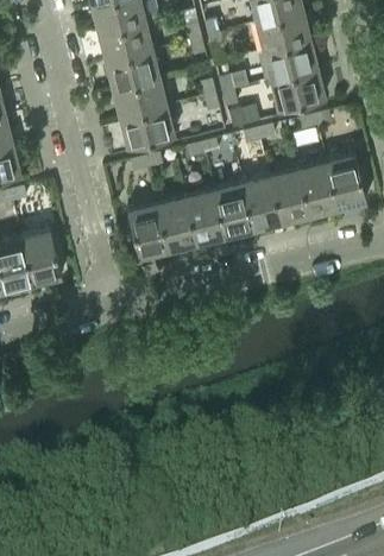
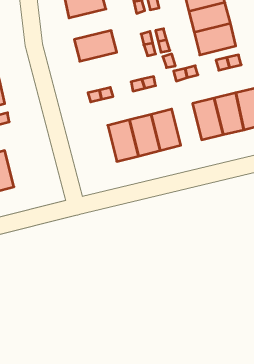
building: [105,50,160,90] -> none
building: [119,107,175,149] -> none
building: [240,175,279,229] -> none
building: [127,203,168,258] -> none
building: [20,229,62,284] -> none

